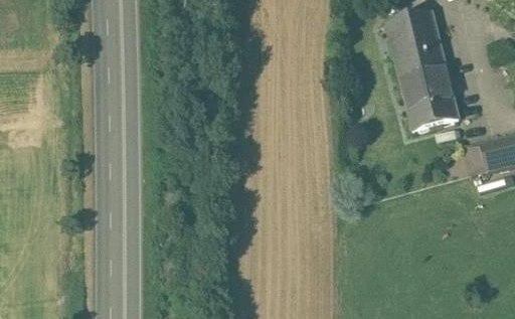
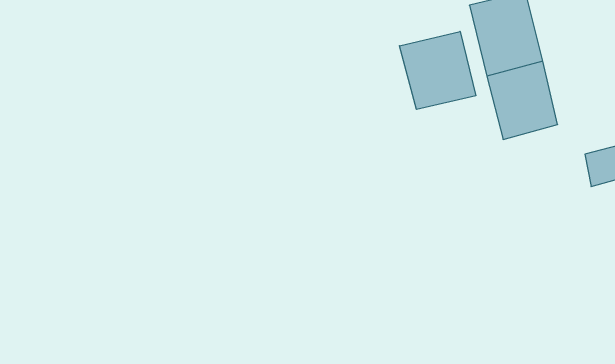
building: none -> [399,31,476,109]

